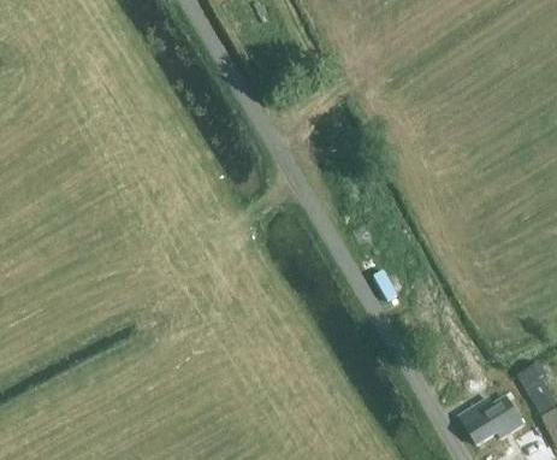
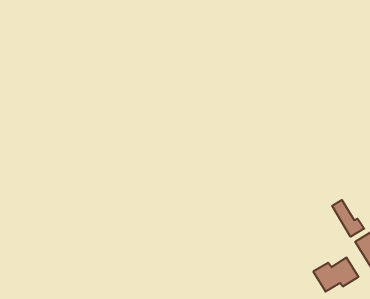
building: none -> [332,200,364,237]

